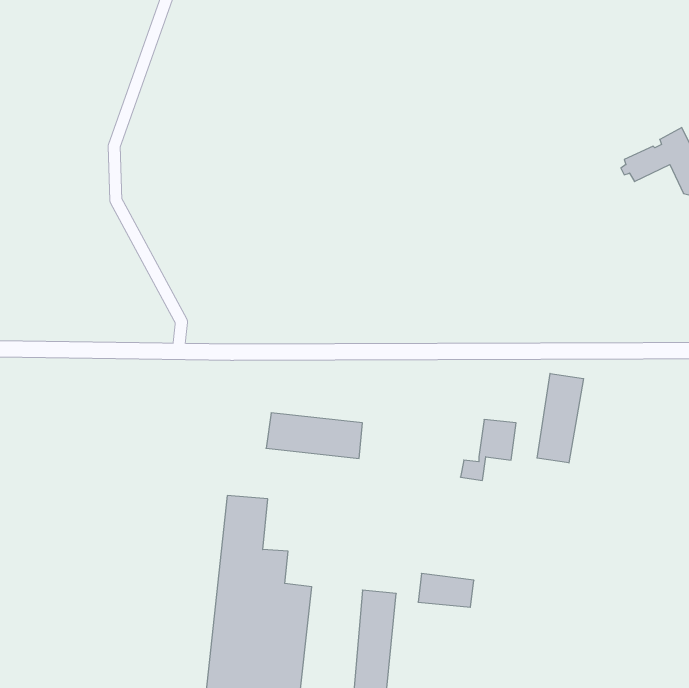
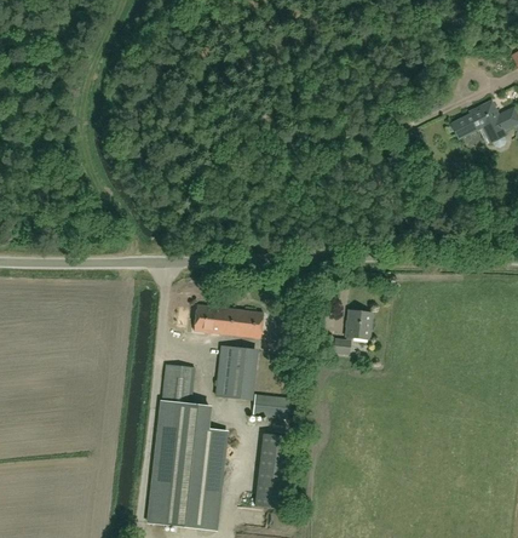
building: [537,373,584,463] -> none
building: none -> [215,344,254,397]
building: [418,573,474,607] -> [253,394,293,418]

